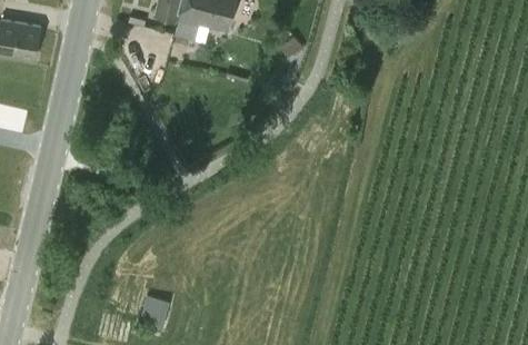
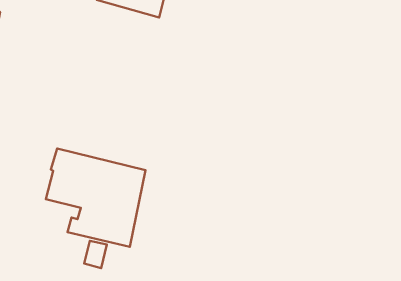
building: none -> [46,148,146,247]

